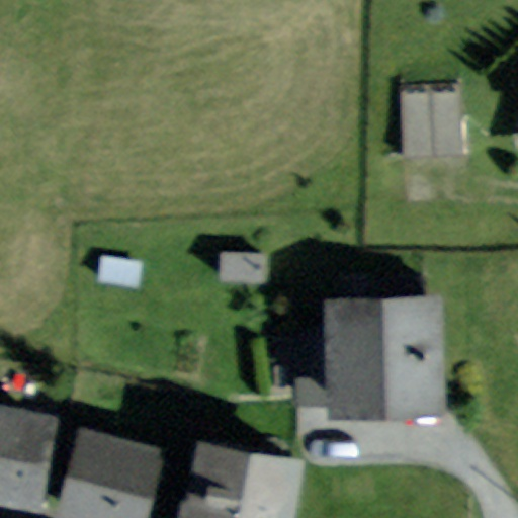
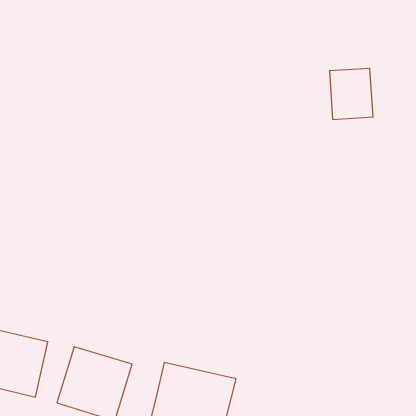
building: [335,309,425,403] -> none

